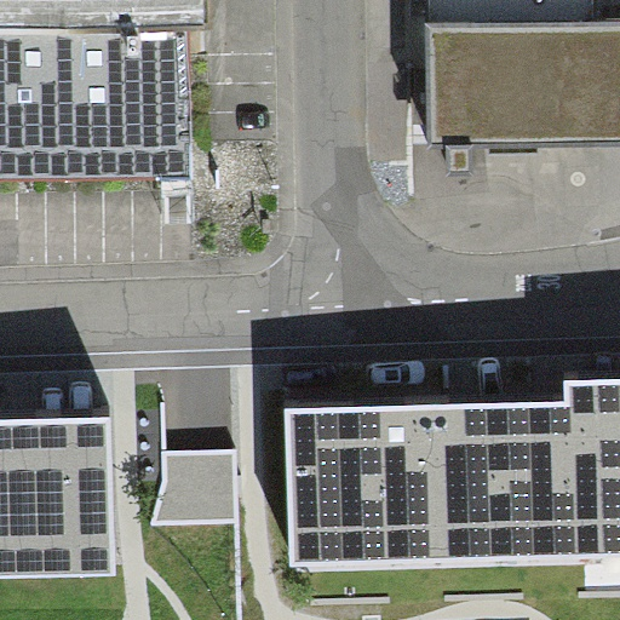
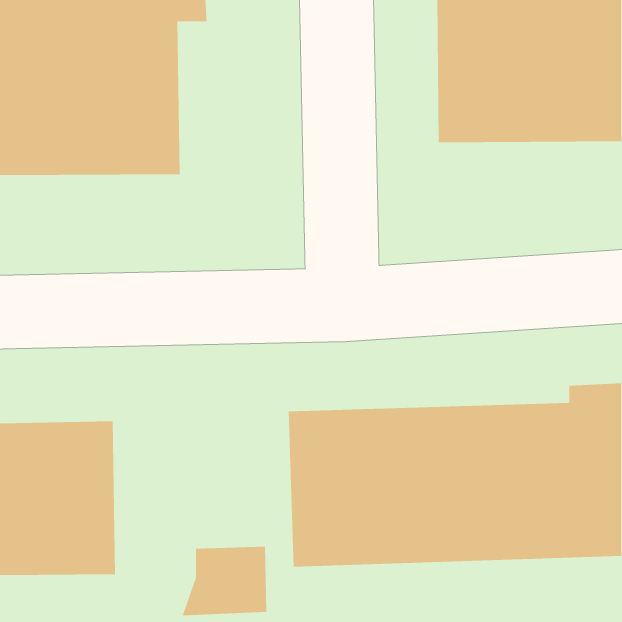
building: [151,453,236,522] -> [182,546,267,616]

